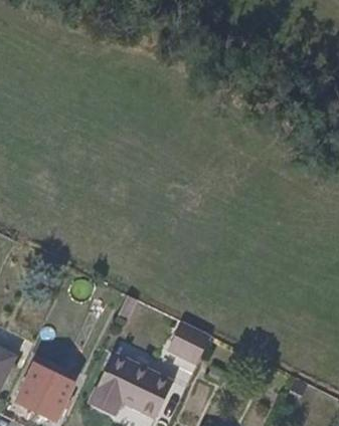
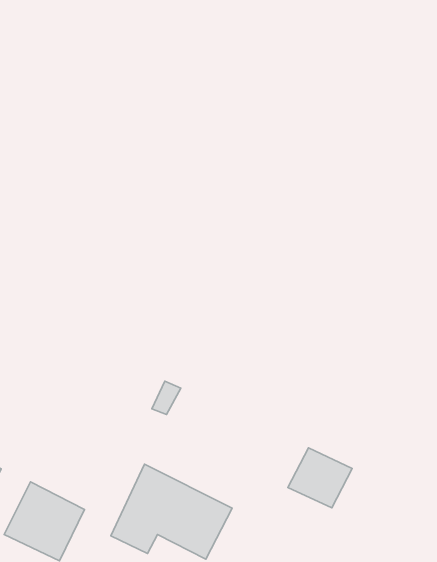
building: [167,322,211,363] -> [288,448,352,508]

